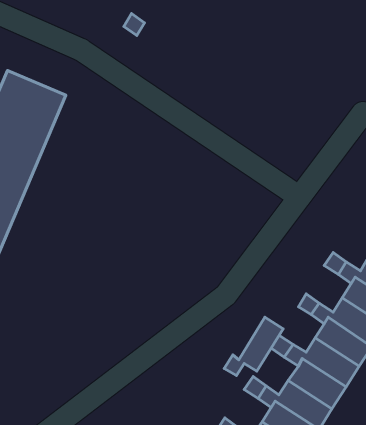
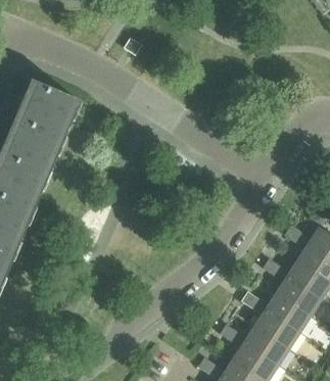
building: [224,317,283,375] -> none

